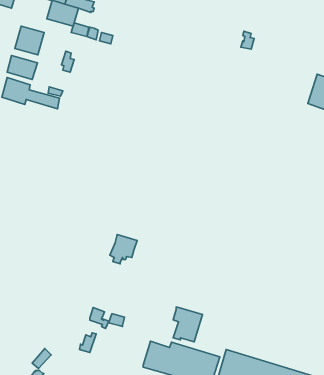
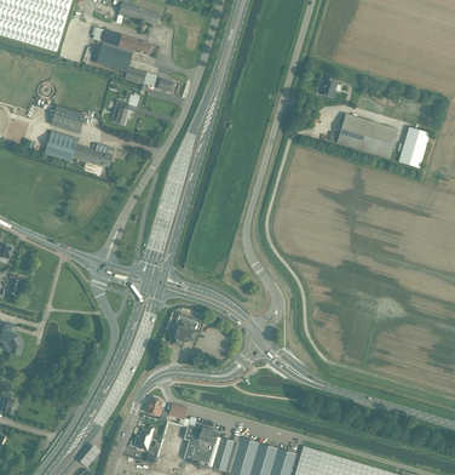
building: [15,26,44,55] -> none
building: none -> [336,113,397,158]
building: [173,307,202,342] -> [183,423,217,463]

